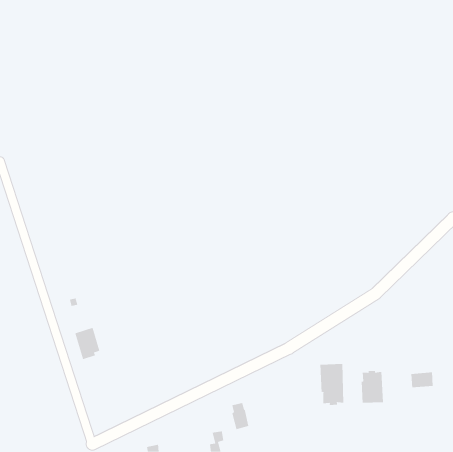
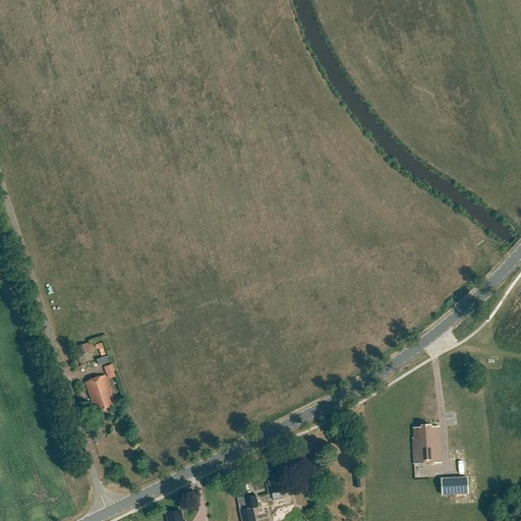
building: [320,363,344,406] -> none
building: [411,372,434,388] -> [442,476,468,495]

